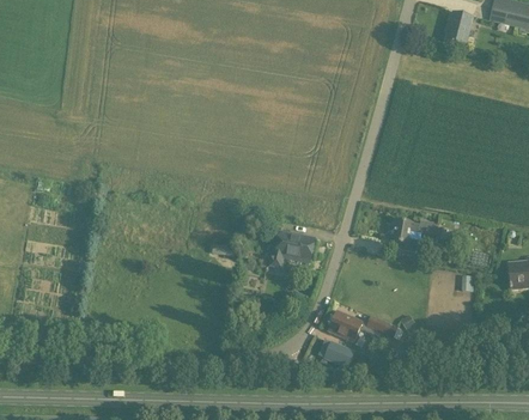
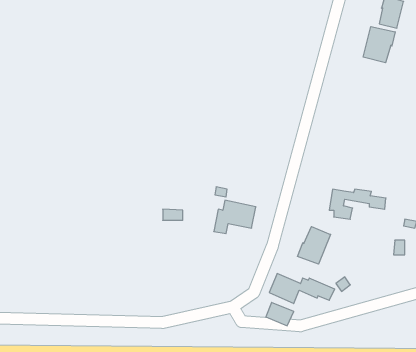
building: none -> [363,27,395,63]
building: none -> [298,227,331,264]

